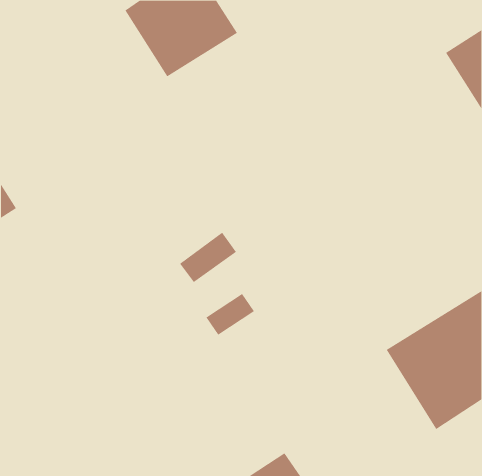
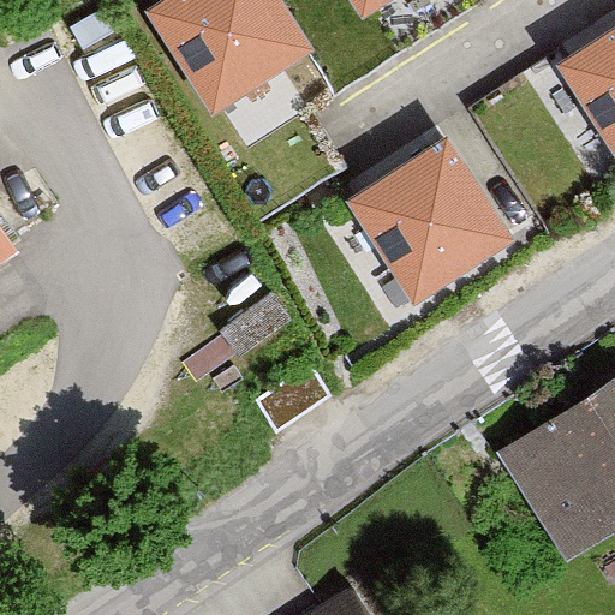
building: none -> [360,154,506,297]

